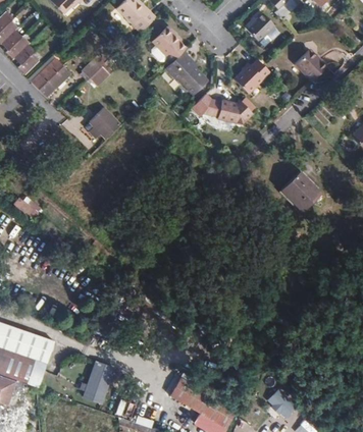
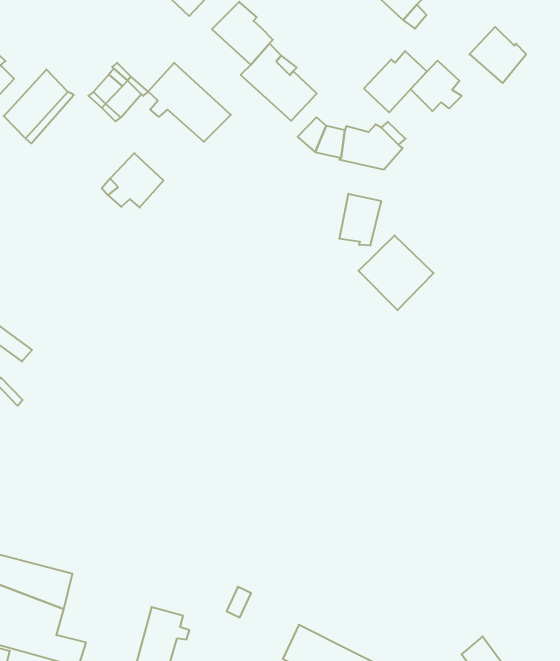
building: none -> [148,63,231,142]
building: none -> [411,61,462,111]
building: none -> [339,194,381,246]
building: [279,171,321,213] -> [358,235,434,310]

